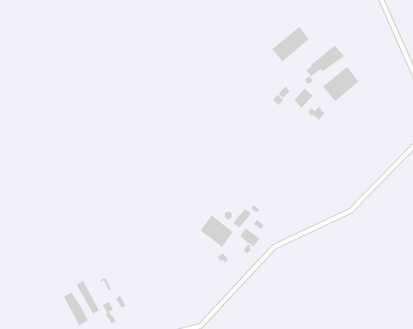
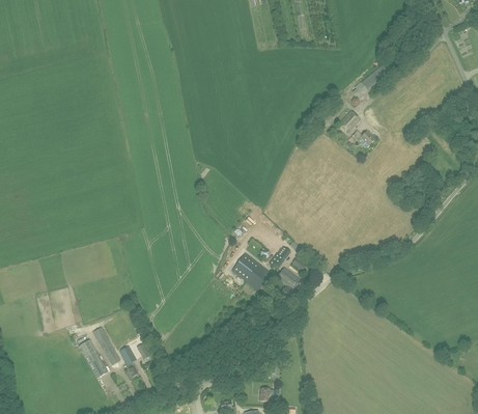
building: [272,26,310,62] -> none
building: [322,66,359,102] -> none

